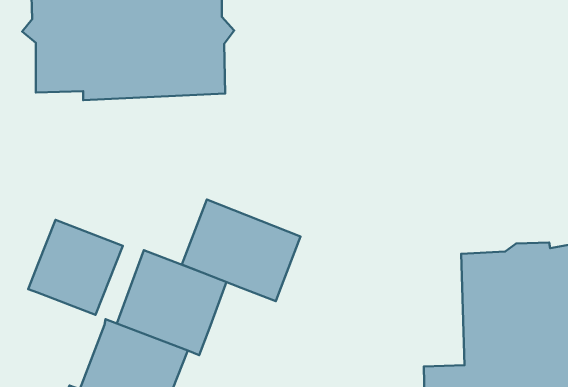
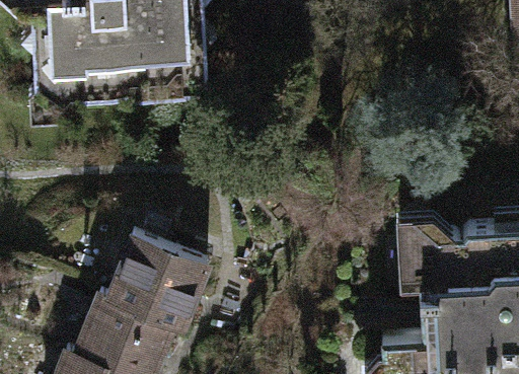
building: [182,200,301,301] -> none
building: [28,220,123,315] -> none

